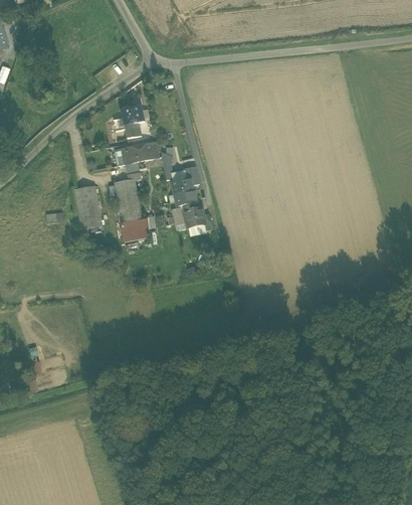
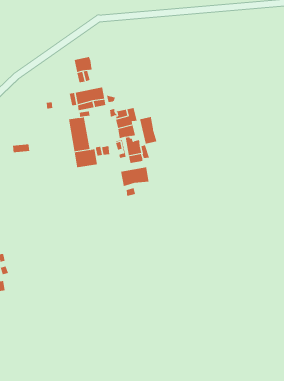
building: none -> [140,116,157,145]
building: [74,184,100,228] -> none
building: none -> [121,166,149,187]

